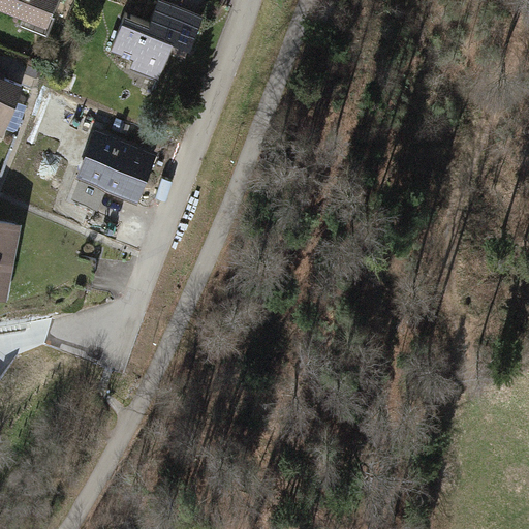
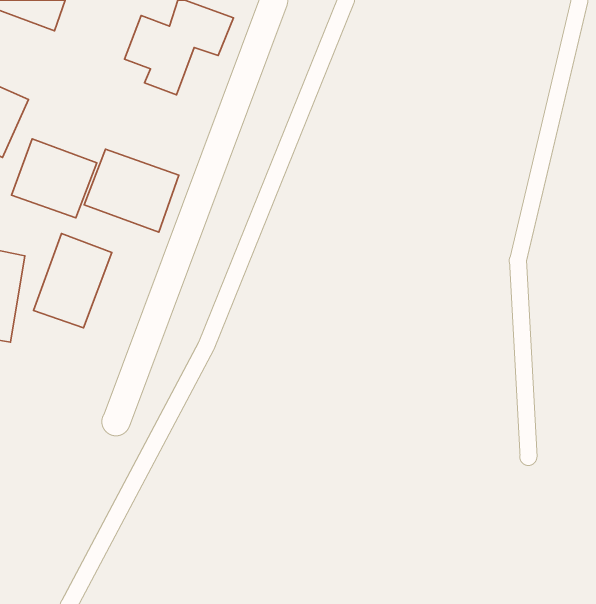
building: none -> [12,139,97,218]
building: none -> [33,234,112,328]

